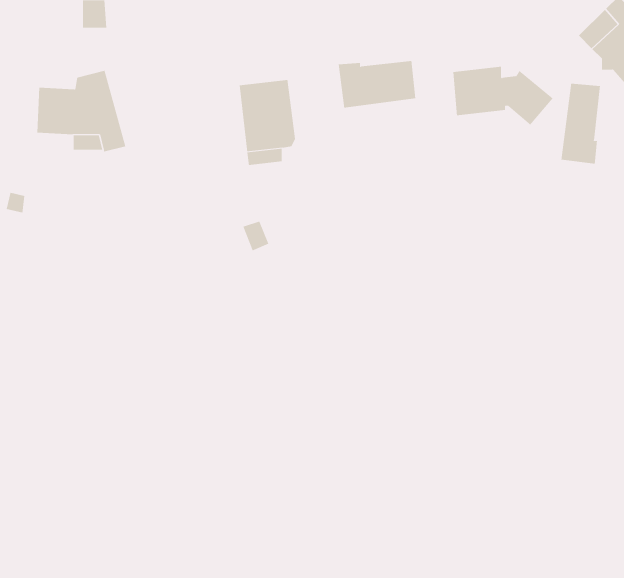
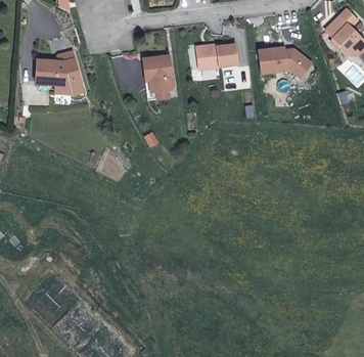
building: [561,83,601,164] -> none

